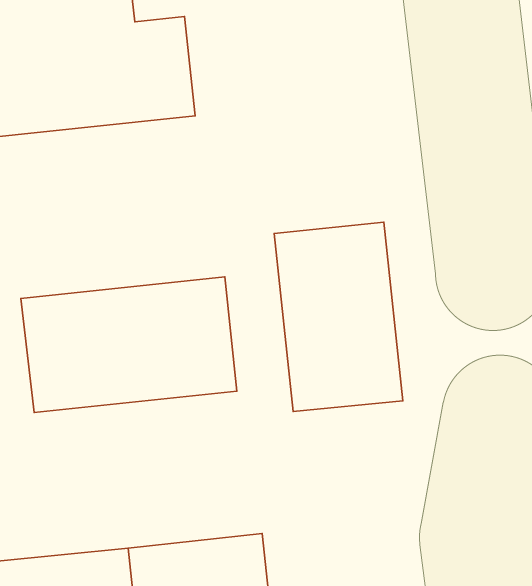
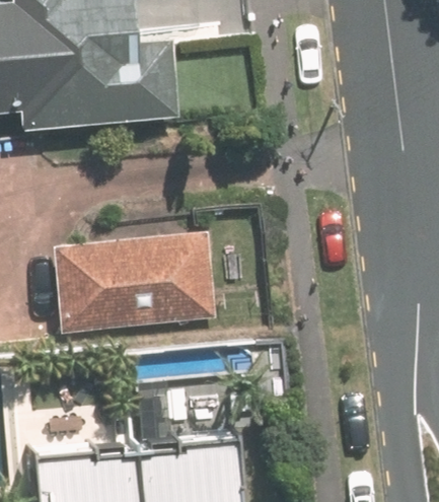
building: [274,222,403,411] -> none

